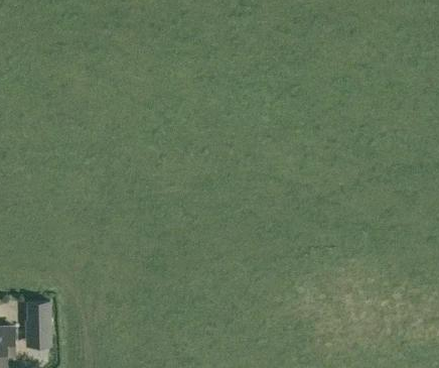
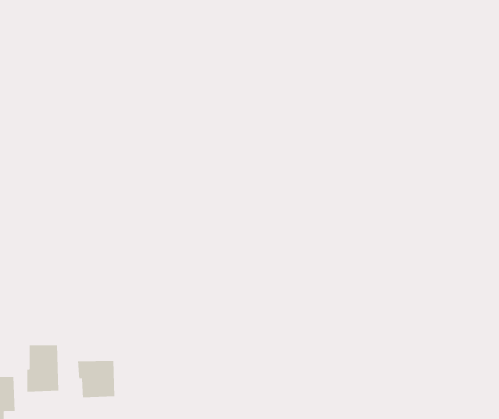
building: none -> [78,360,115,398]

